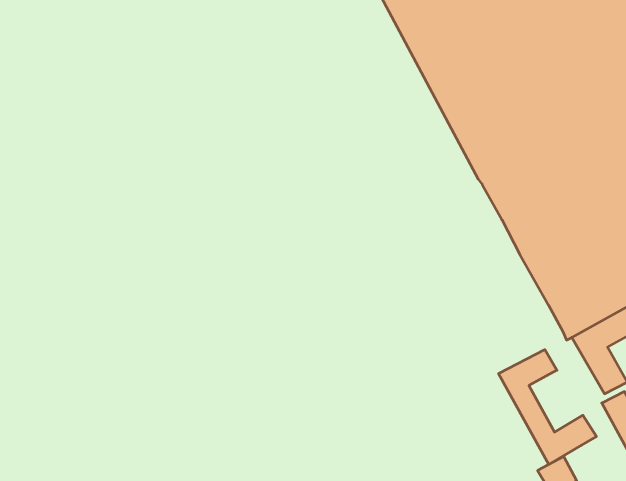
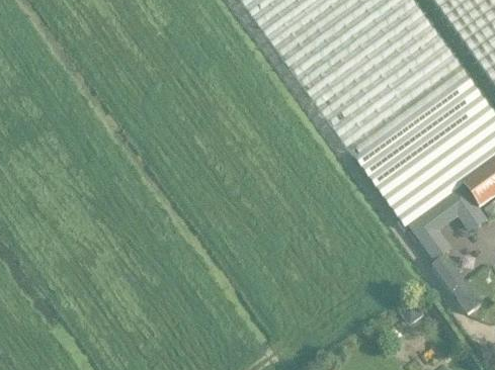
building: [499,350,596,464] -> none

